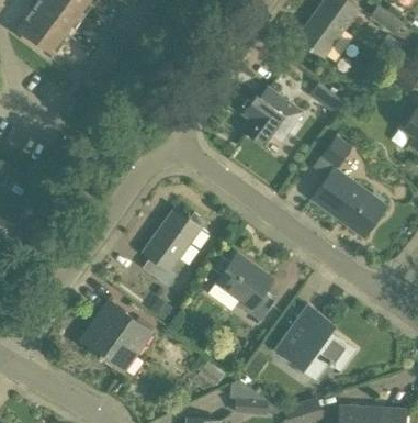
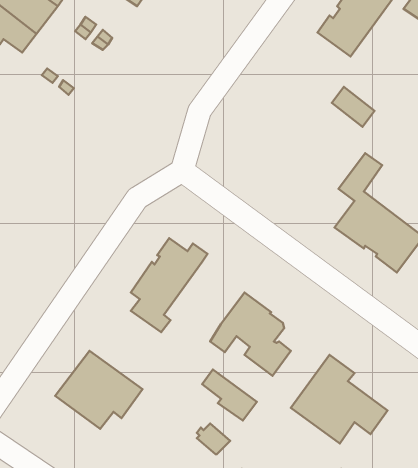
building: [241,87,302,145] -> none
building: none -> [202,369,257,421]

